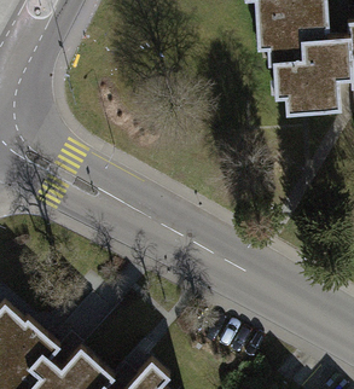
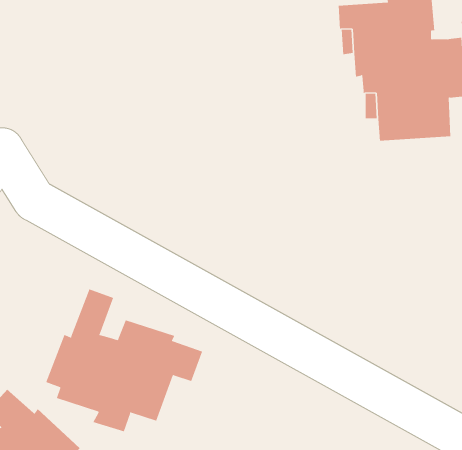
building: none -> [46,288,203,432]

